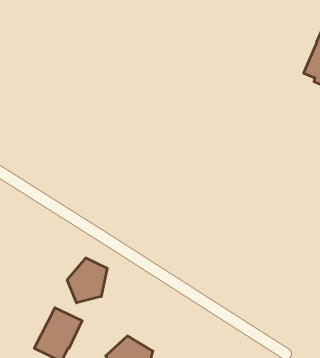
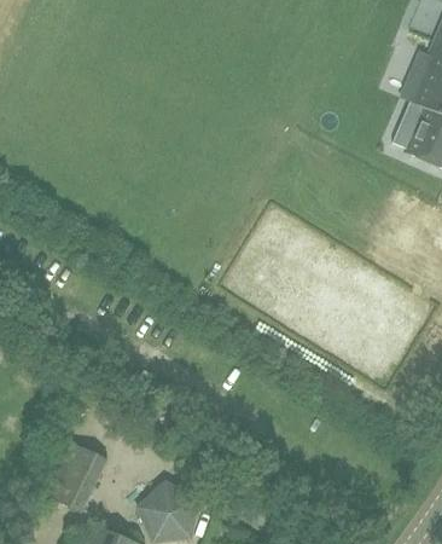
building: [67,258,107,303] -> none

